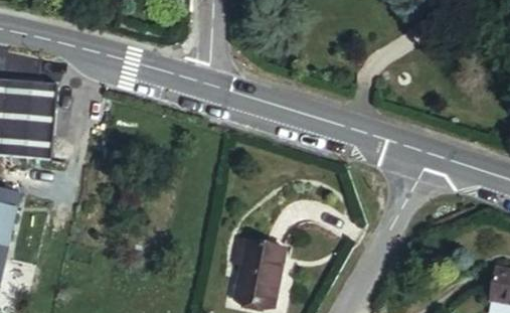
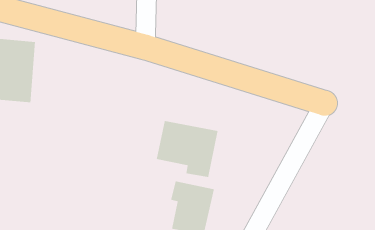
building: none -> [156,120,219,178]

